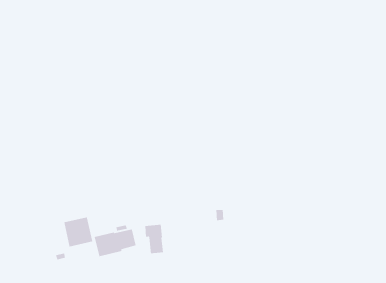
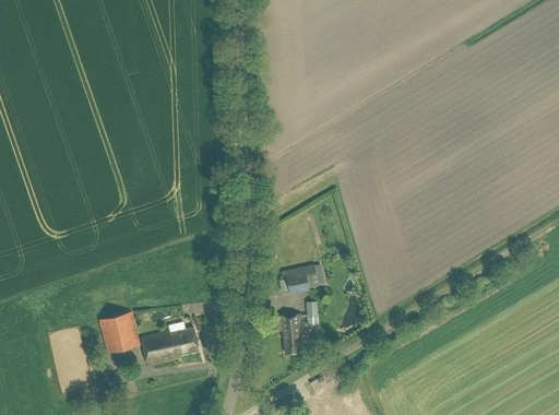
building: none -> [278,264,324,293]
building: [144,224,164,254] -> [277,315,304,355]

